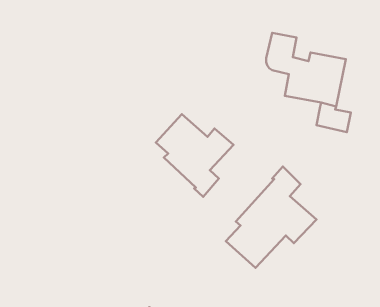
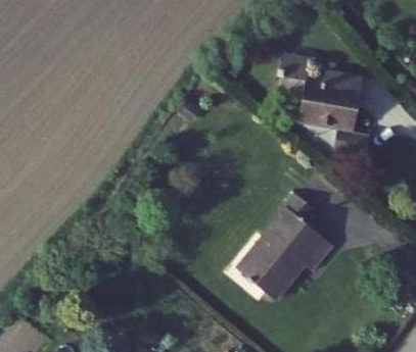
building: [156,114,233,197] -> none

